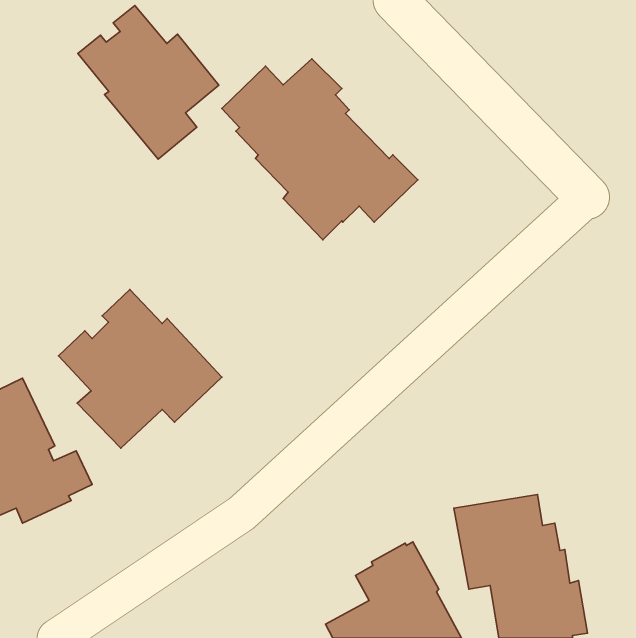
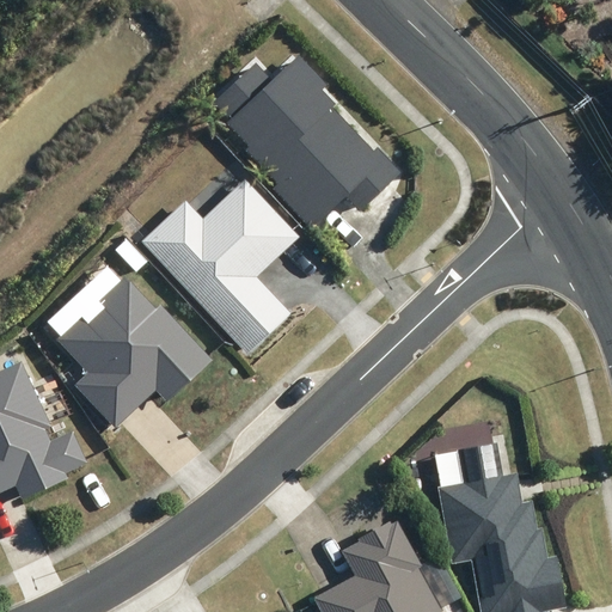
building: [78,5,219,159] -> none
building: none -> [141,180,300,354]

